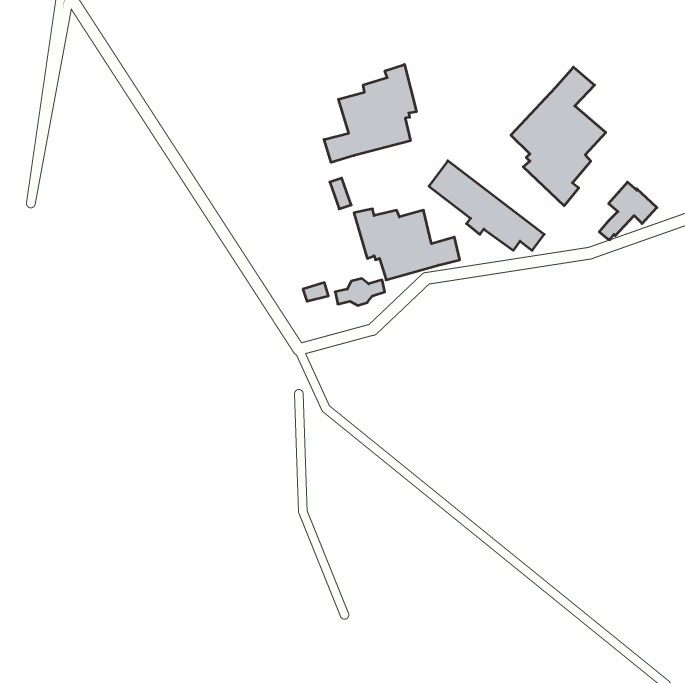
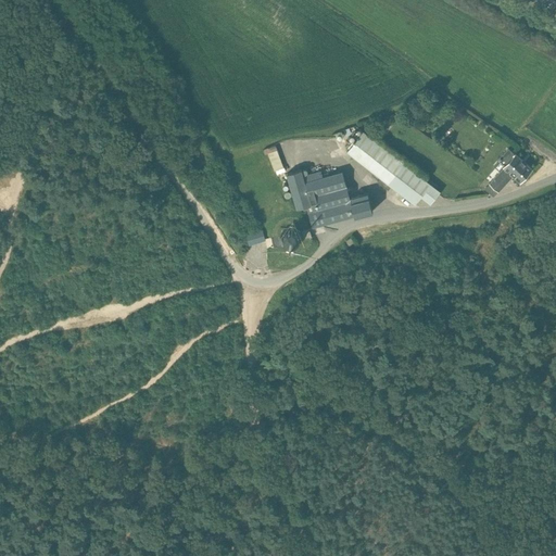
building: [324,64,416,162] -> none
building: [511,67,606,206] -> none

